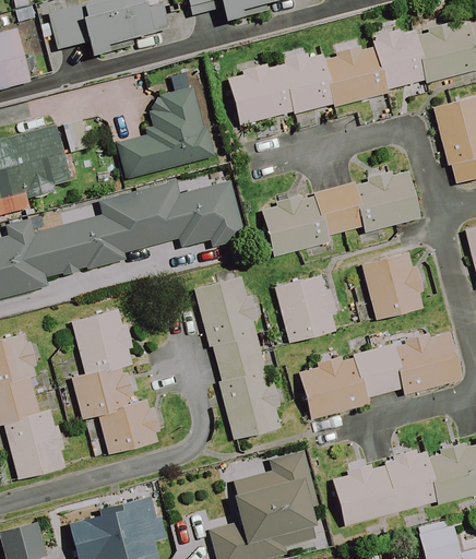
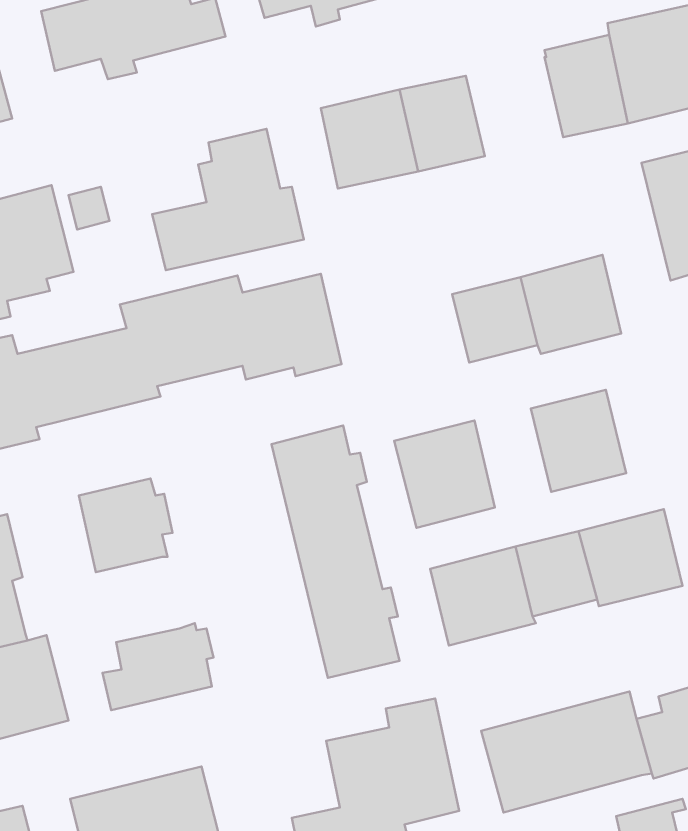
building: [321,41,383,105] -> none
building: [260,193,325,258] -> none
building: [71,361,138,420] -> none

